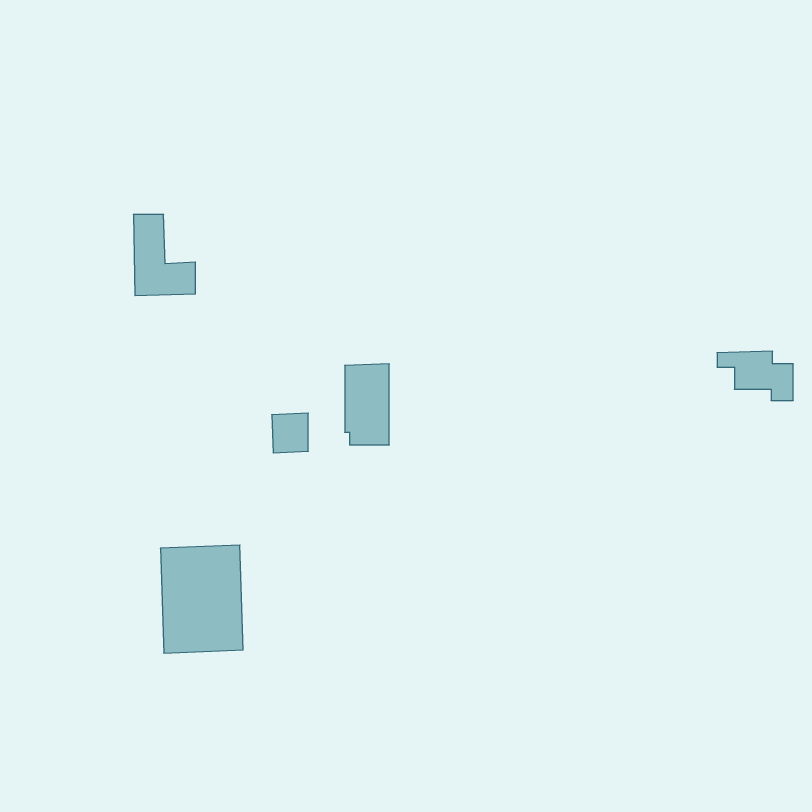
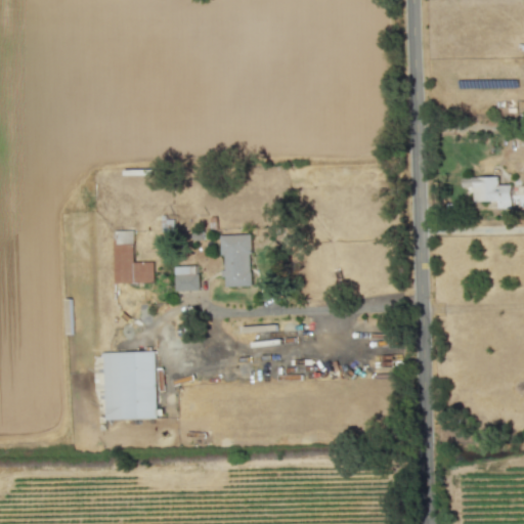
building: [133,214,195,296] -> [114,231,154,283]
building: [717,351,793,400] -> [463,177,512,209]

